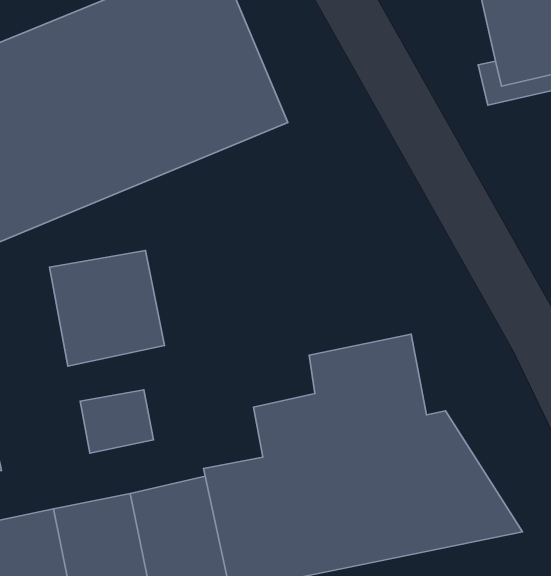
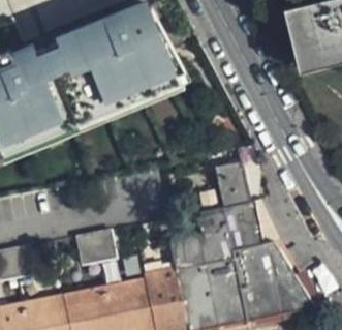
building: [49,250,165,366] -> none
building: none -> [216,159,247,205]

